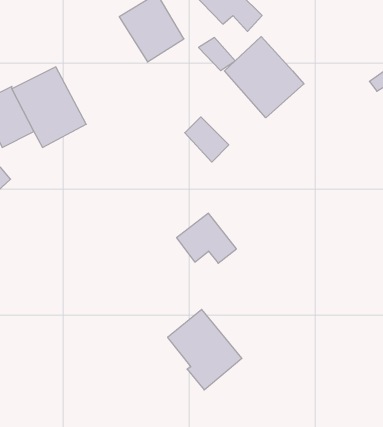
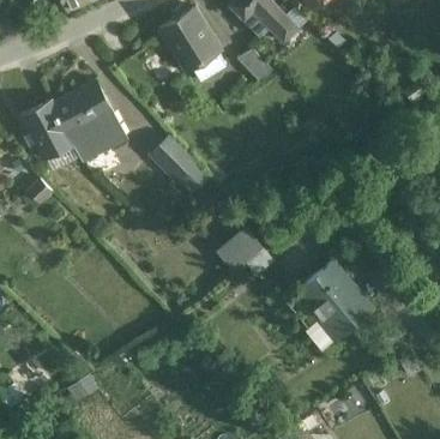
building: [224,37,304,118] -> none
building: [185,117,229,162] -> [152,139,195,184]
building: [168,309,242,390] -> [300,260,373,339]

